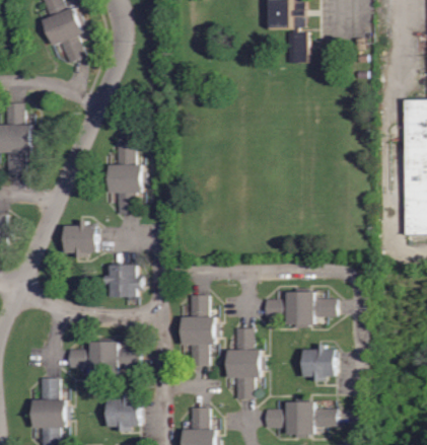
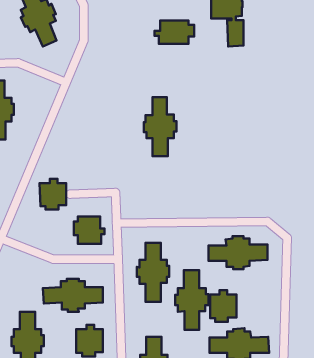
building: none -> [155,21,194,44]
building: [106,143,145,213] -> [144,97,176,156]
building: [304,344,336,381] -> [210,290,236,322]

